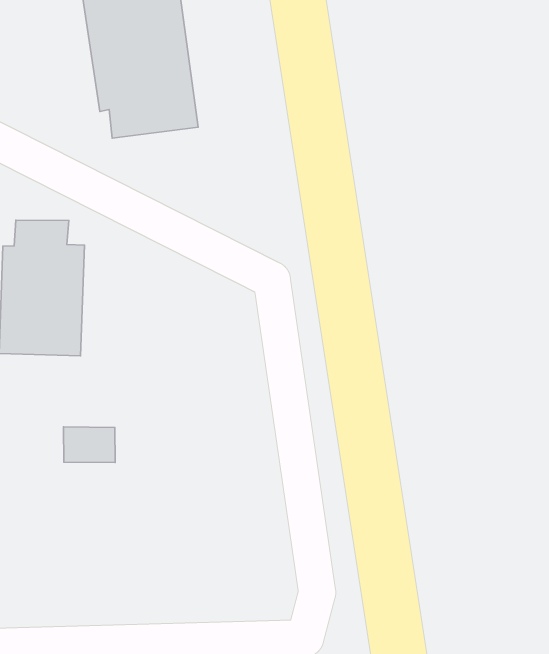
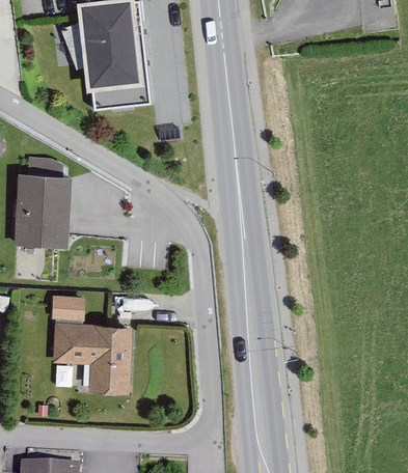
building: none -> [53,322,133,392]

